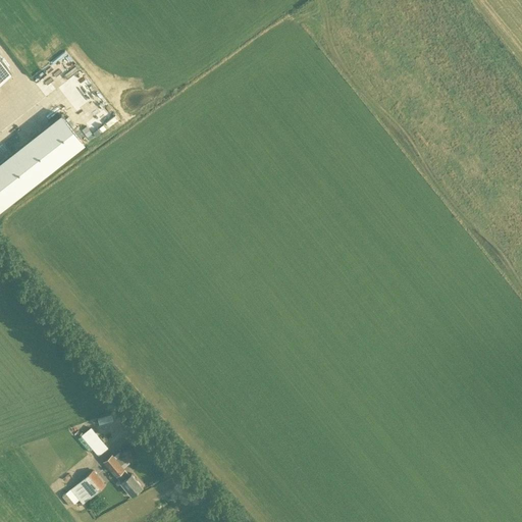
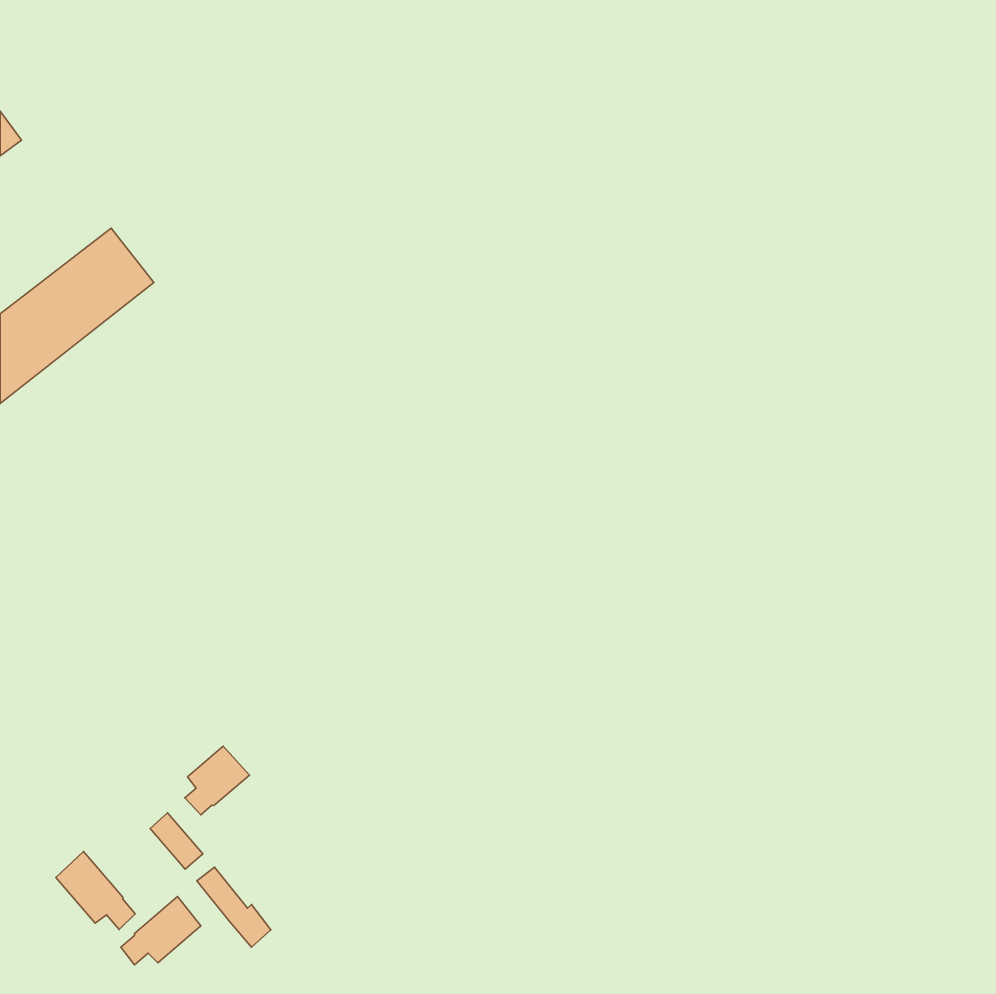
building: none -> [185,746,249,815]
building: none -> [56,852,135,929]

